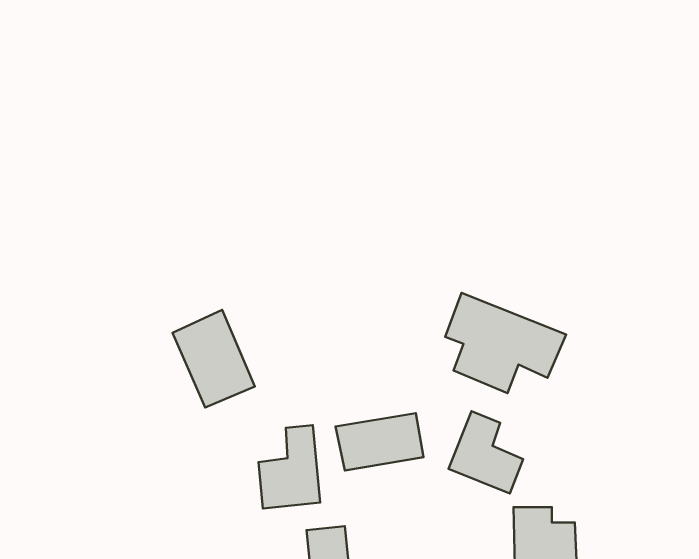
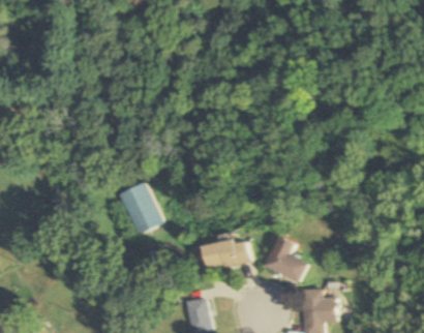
building: [445,293,566,393] -> none
building: [259,425,320,508] -> none

